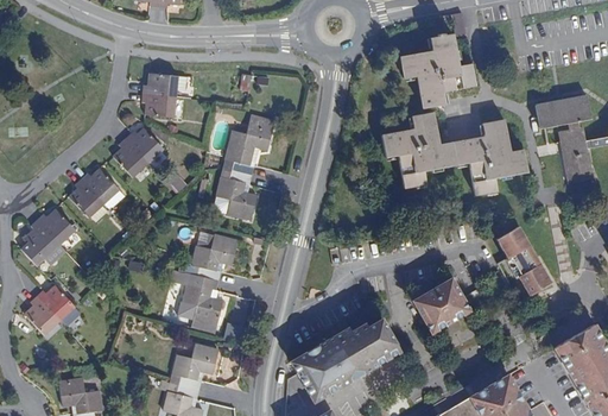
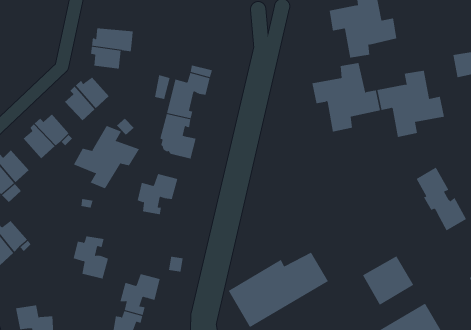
building: none -> [73,125,140,189]
building: [183,275,222,322] -> [73,236,109,279]
building: [413,278,470,333] -> [362,256,414,306]

